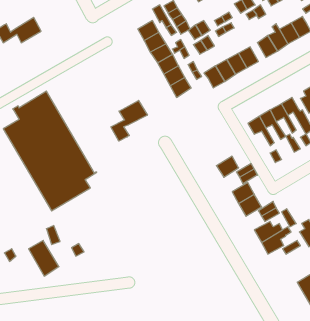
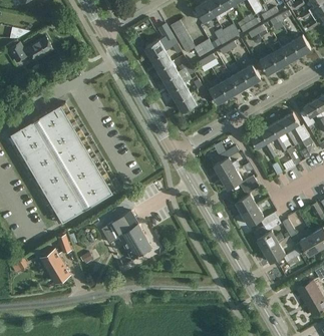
building: [111,100,147,141] -> none
building: none -> [213,146,239,179]
building: none -> [100,219,150,261]

